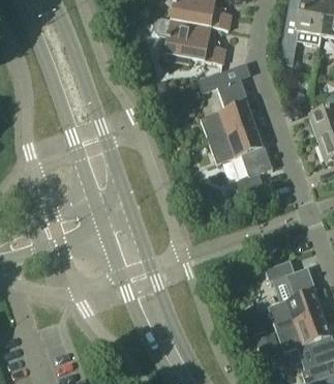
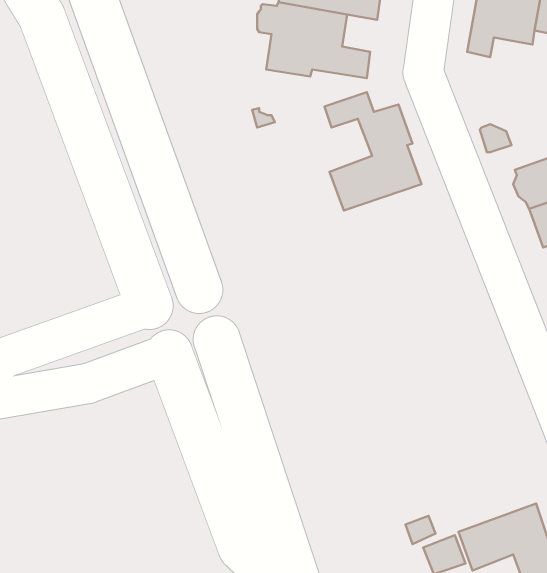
building: [208,125,272,195] -> none
building: [264,260,321,329] -> none

